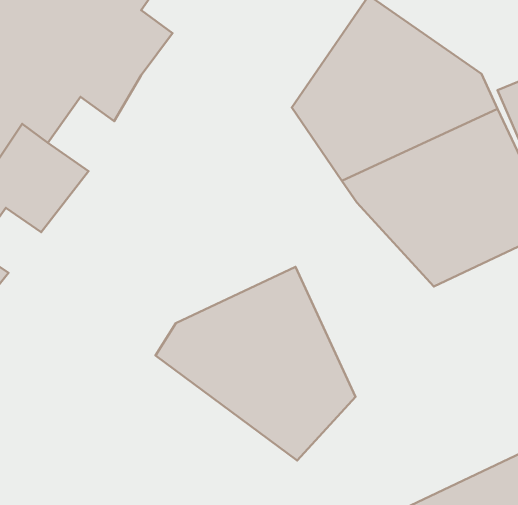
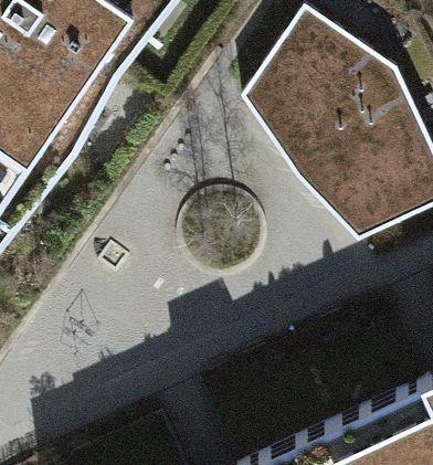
building: [156,267,356,461] -> none

